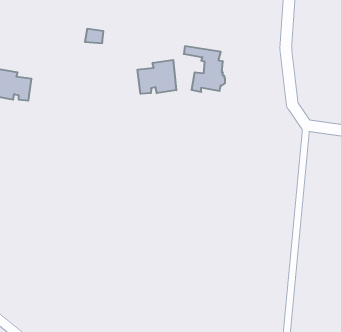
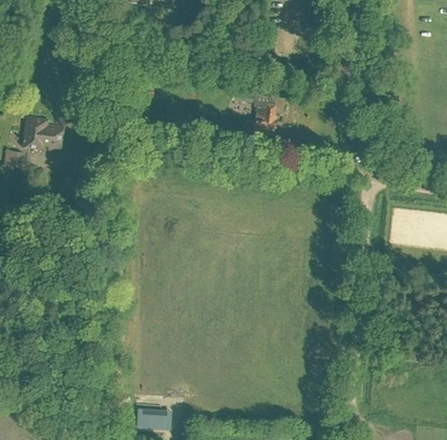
building: [138,60,176,94] -> none

